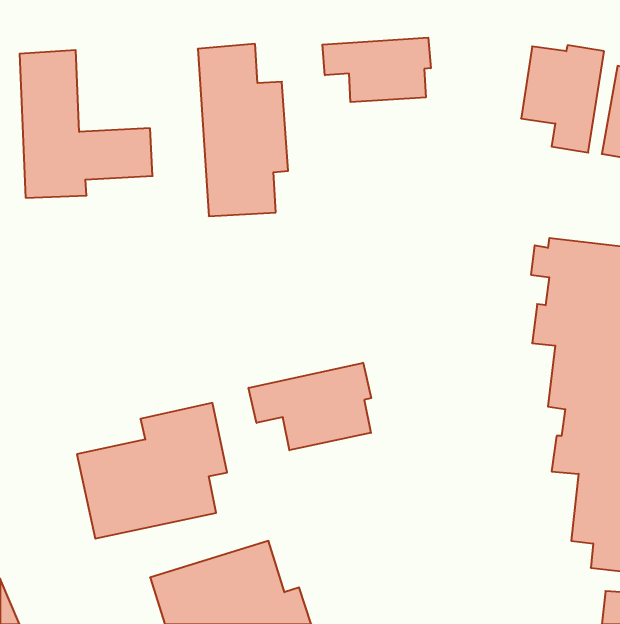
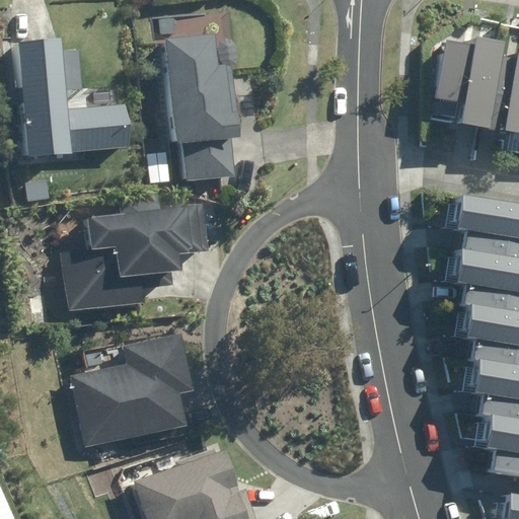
building: [322,38,431,102] -> none
building: none -> [59,194,210,312]
building: [249,363,371,450] -> none

